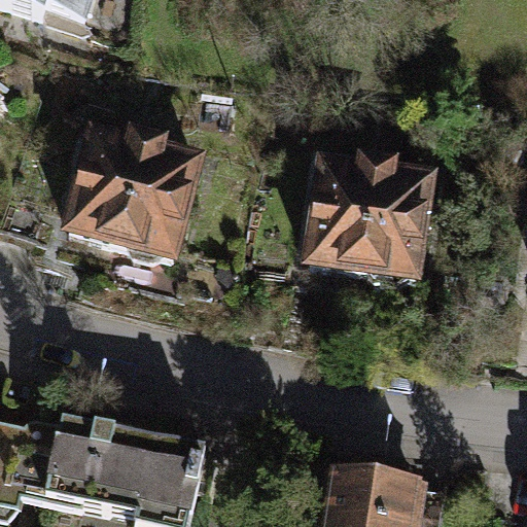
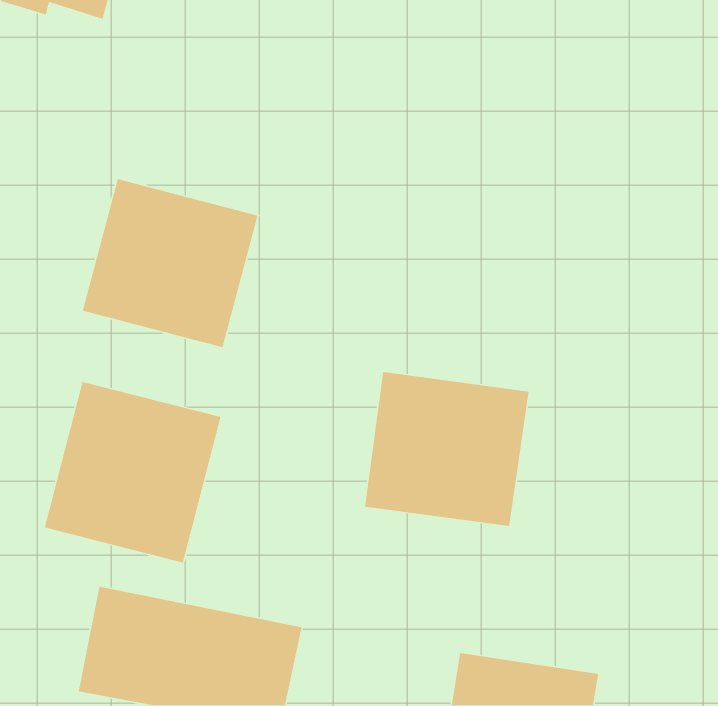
building: [304,160,424,273] -> [364,371,530,527]
building: none -> [44,381,221,563]

